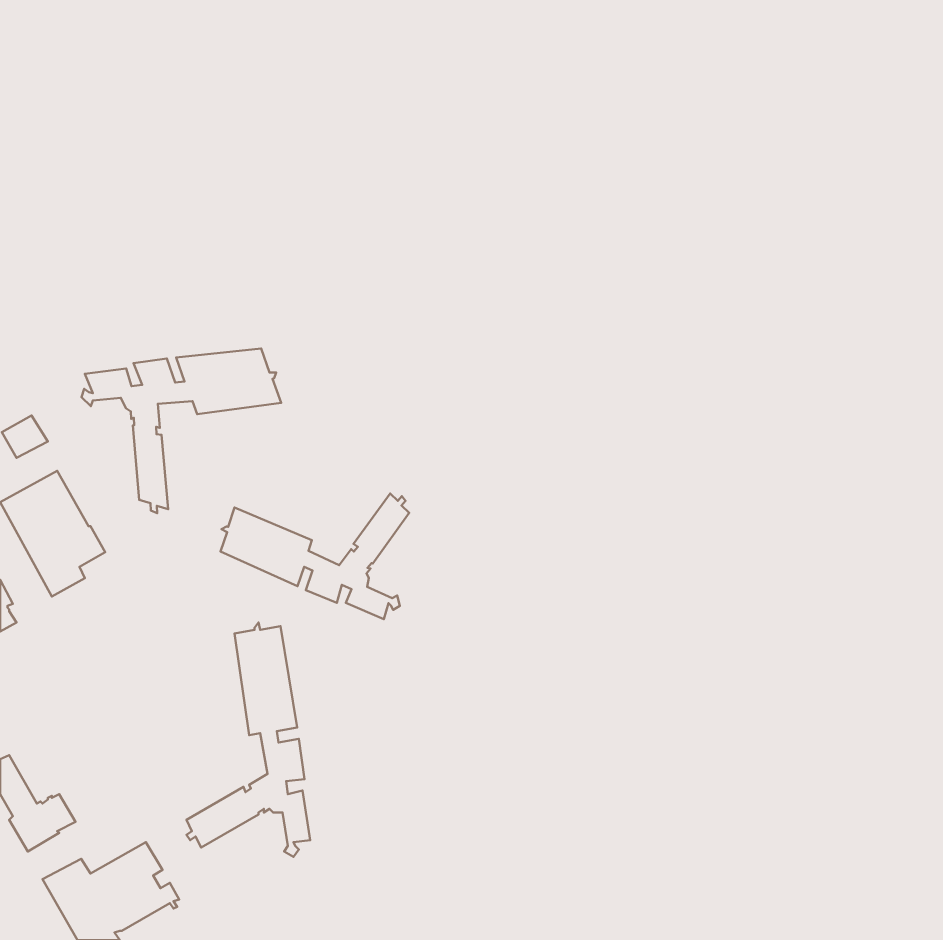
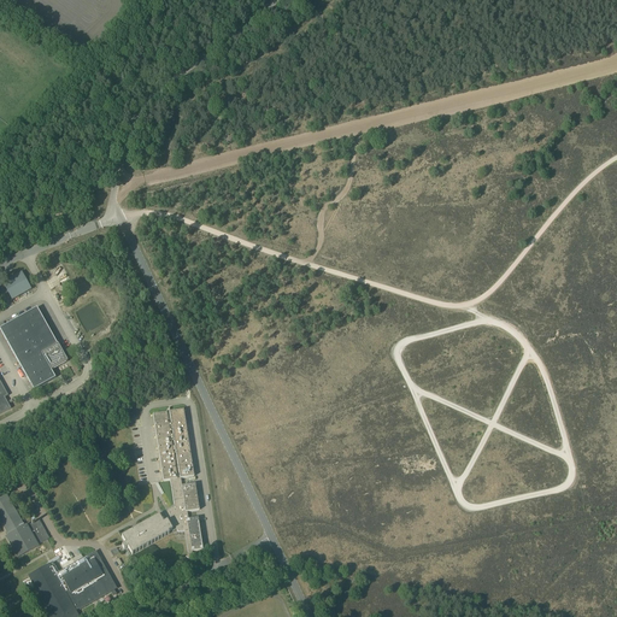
building: [82,348,281,513] -> none
building: [221,493,409,619] -> none

